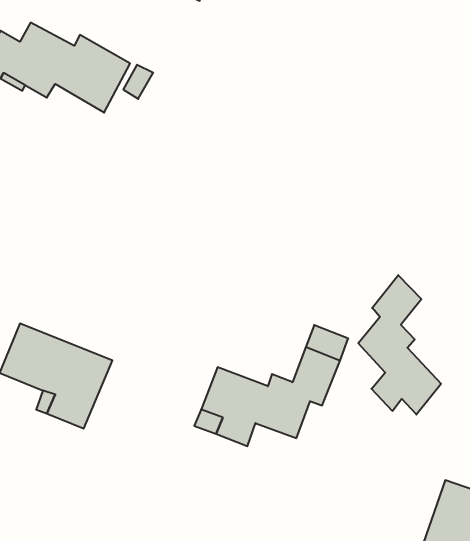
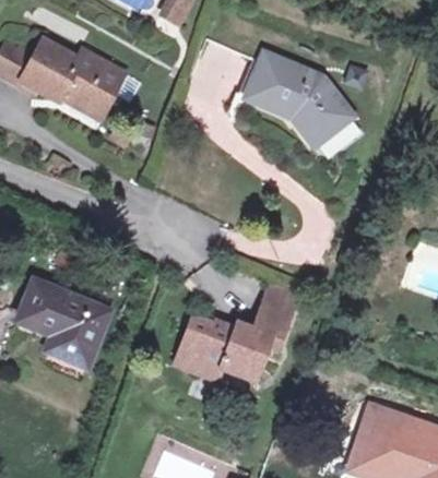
building: none -> [246,53,352,145]
building: [358,275,441,415] -> none

